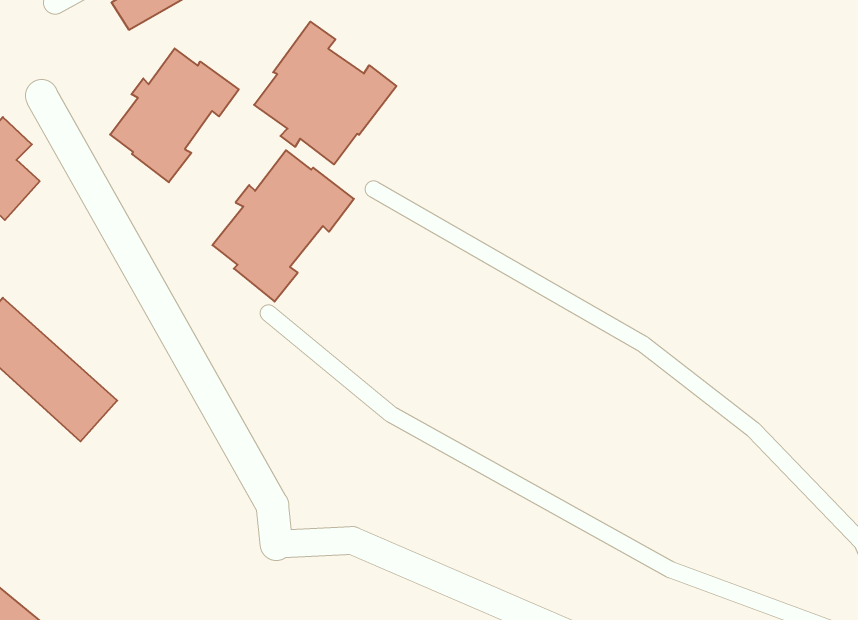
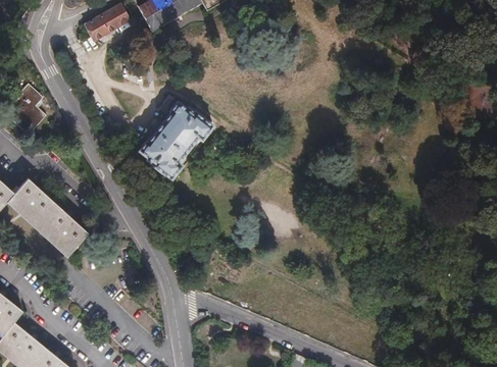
building: [254,22,396,164] -> none
building: [110,48,239,182] -> none

